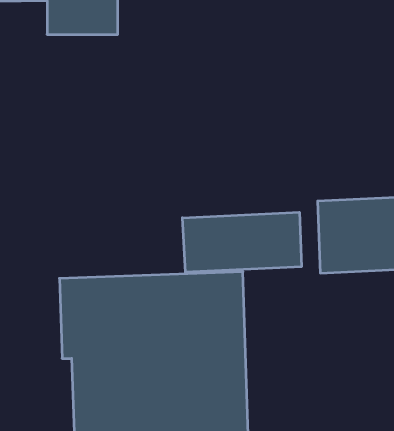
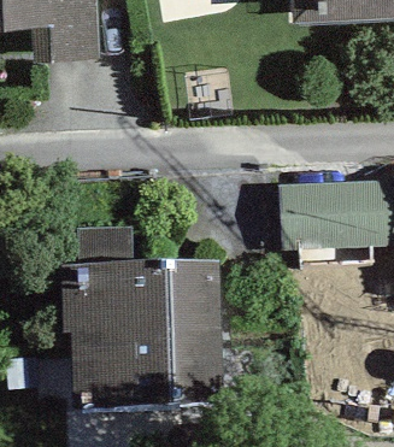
building: [182,212,301,272] -> none

